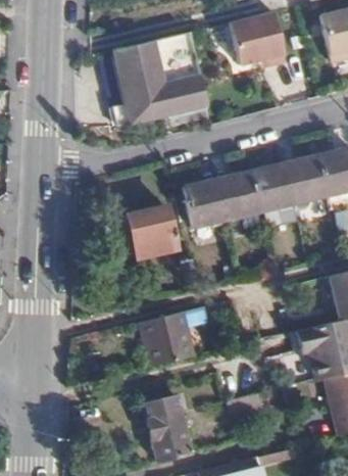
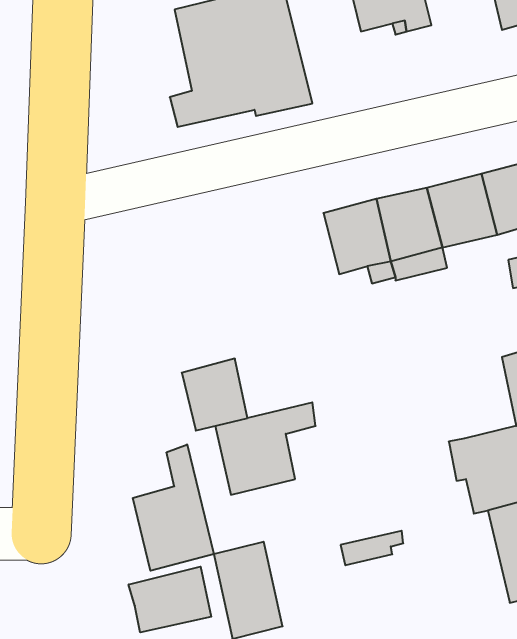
building: [184,182,225,230] -> none
building: [125,206,167,253] -> [182,359,247,431]
building: none -> [133,444,214,571]
building: none -> [129,567,211,632]

